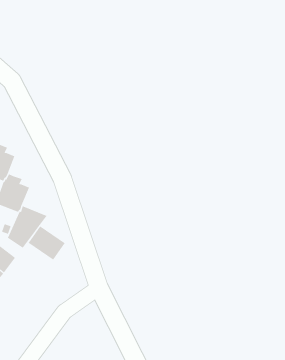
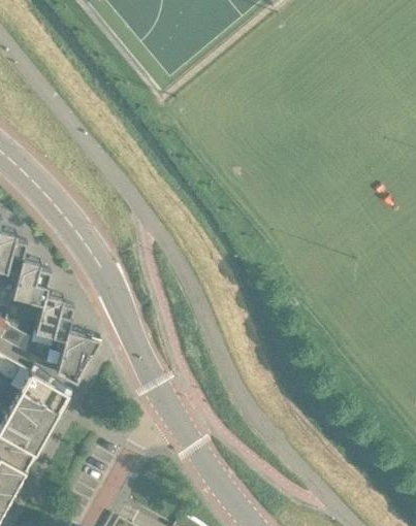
building: [28,225,66,261] -> none

